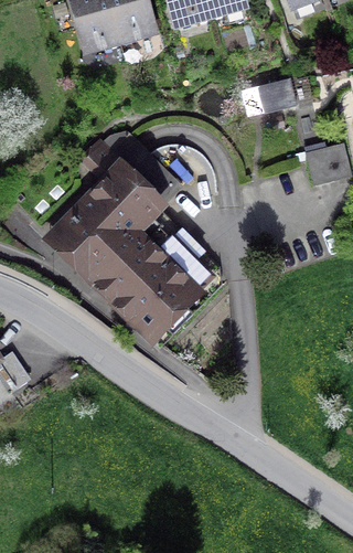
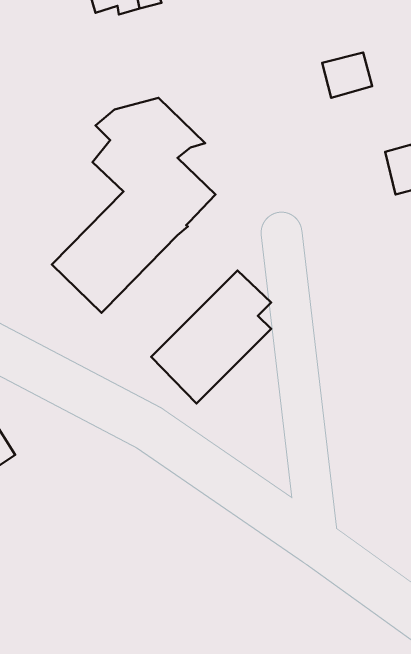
building: [89,208,190,309] -> none

